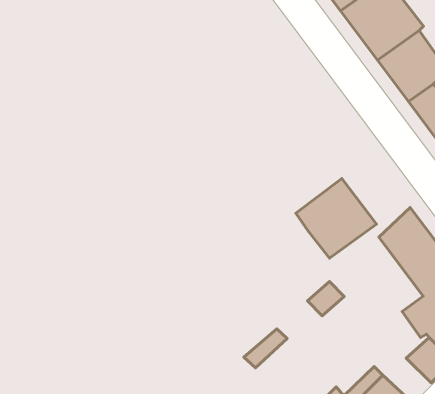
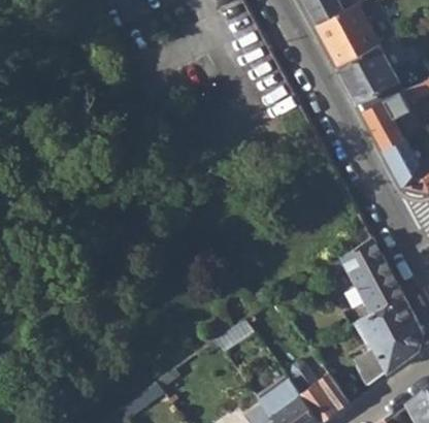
building: [296,178,376,258] -> none

